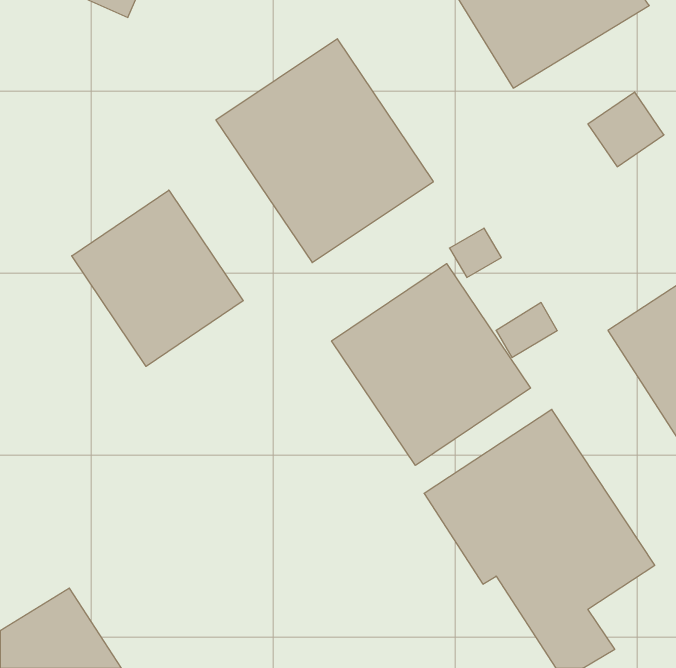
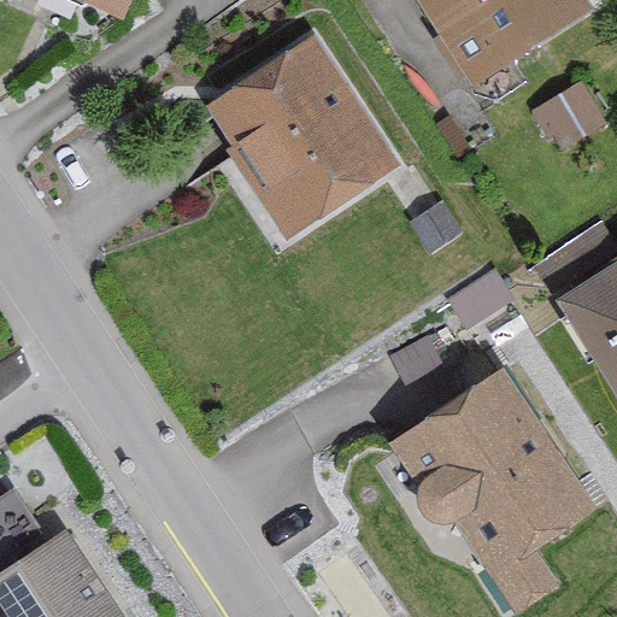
building: [72,190,243,366] -> none
building: [332,264,531,465] -> none

